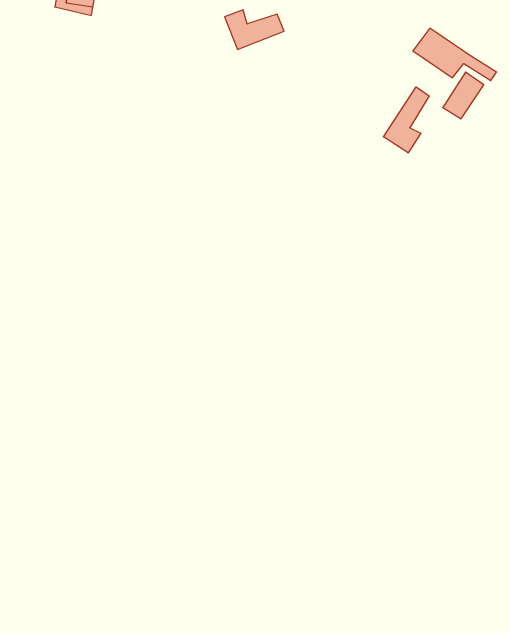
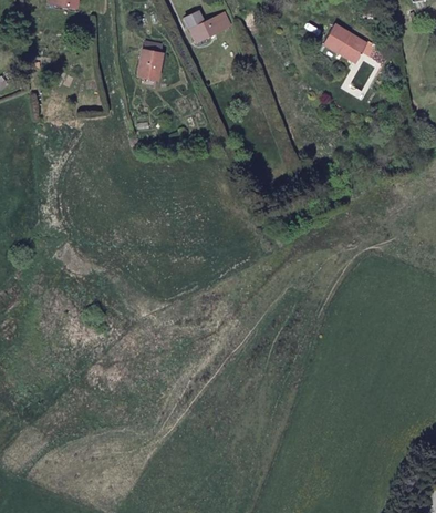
building: none -> [133,42,158,81]
building: [383,87,429,153] -> none

